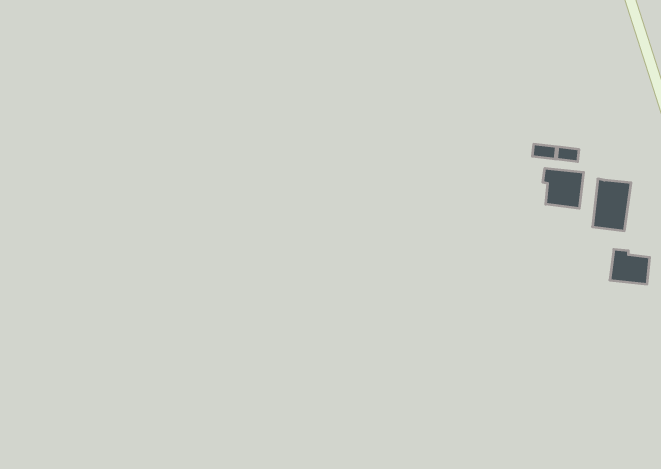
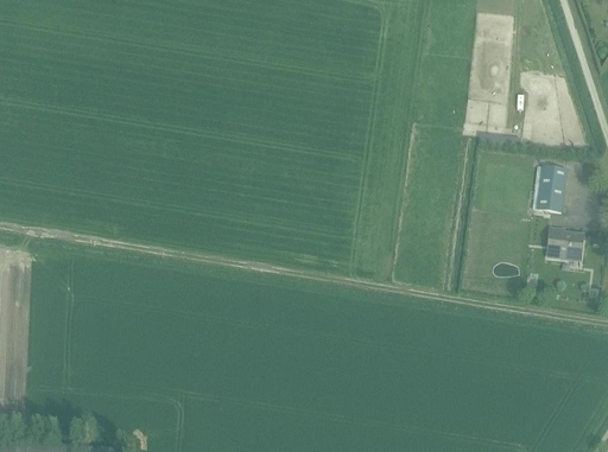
building: [543,168,584,208] -> none

